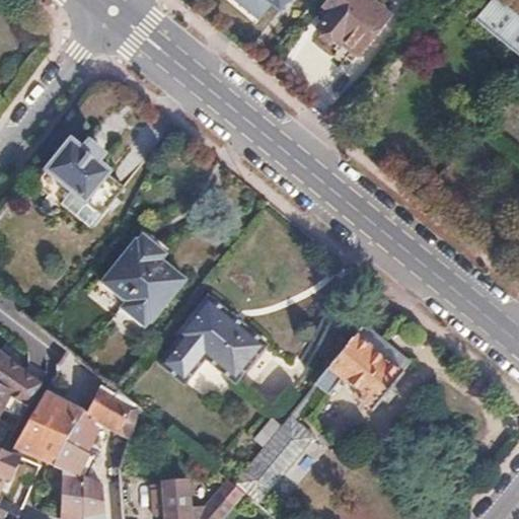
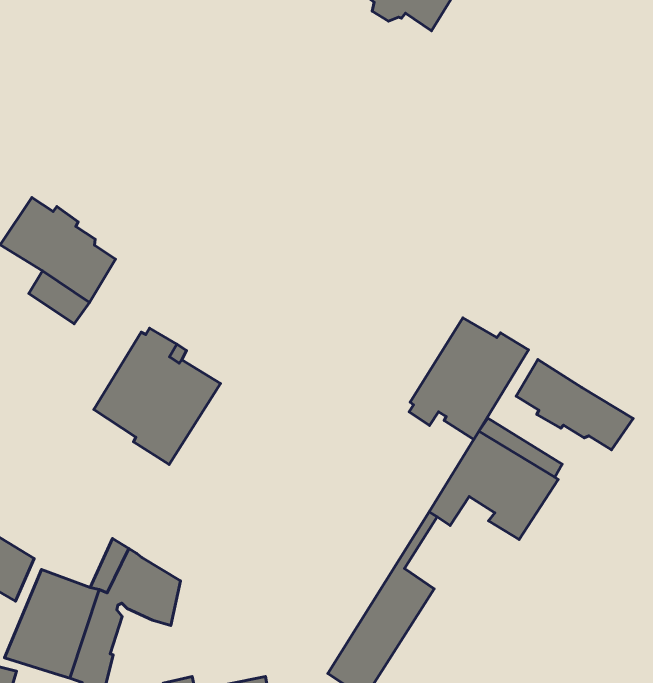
building: none -> [409,318,528,440]
building: none -> [516,359,633,450]
building: [155,296,265,383] -> none

